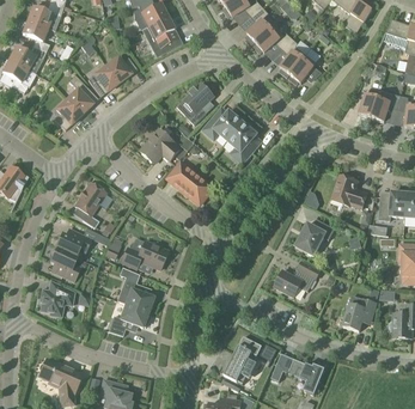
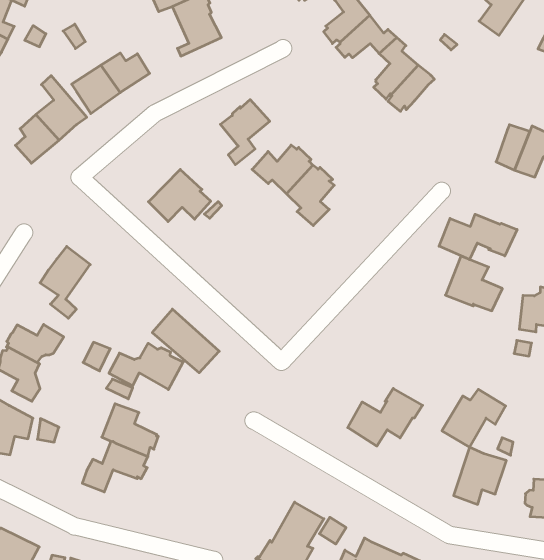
building: none -> [439,214,517,260]
building: [169,163,212,202] -> [152,309,219,373]
building: [295,219,335,256] -> [442,389,506,447]

